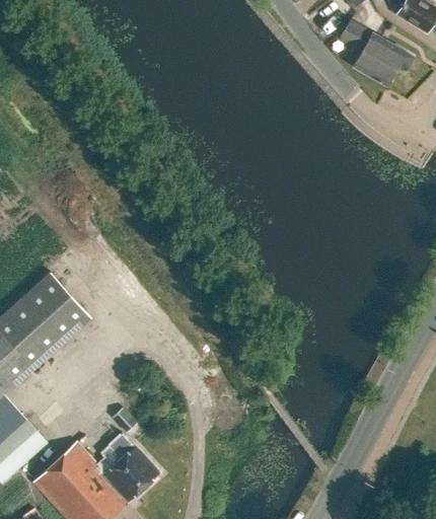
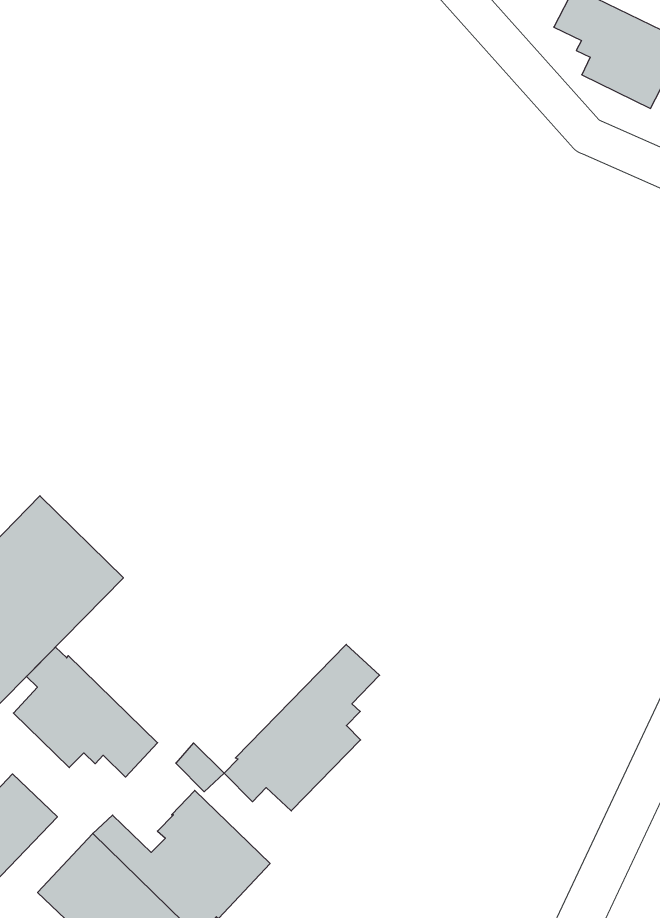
building: none -> [13,647,158,777]
building: none -> [224,644,380,811]

